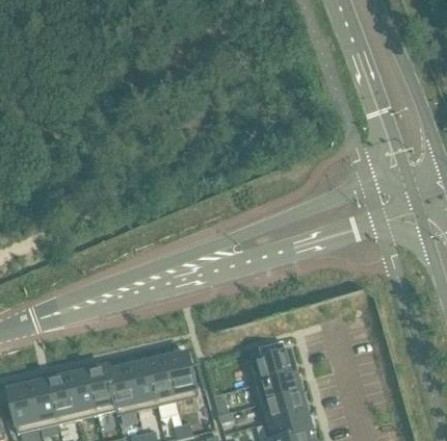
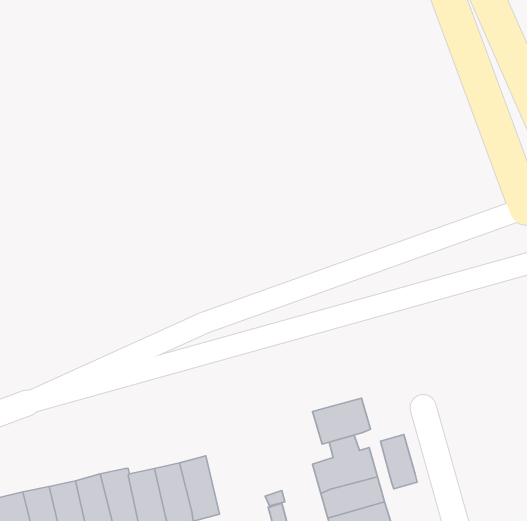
building: none -> [312,398,371,444]
building: none -> [381,435,417,489]
building: [167,352,200,399] -> none

